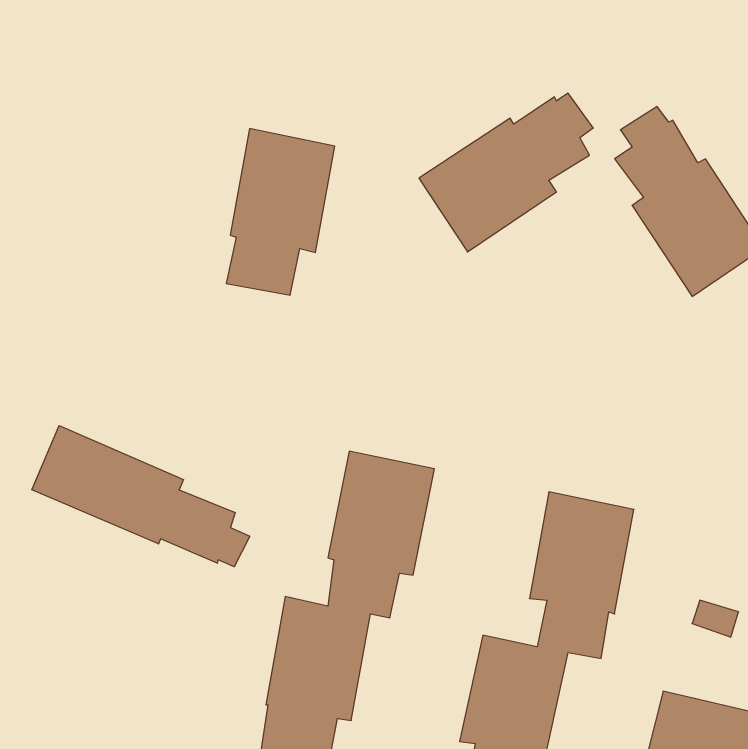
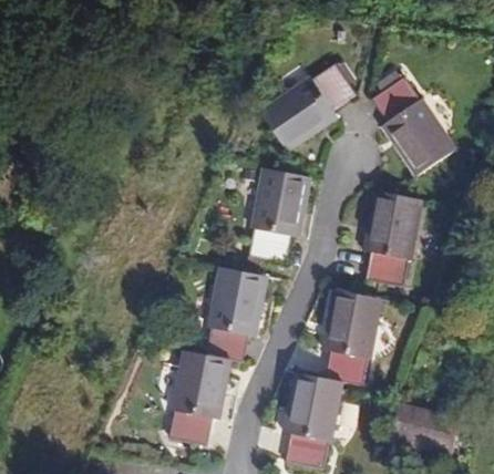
building: [226,129,335,295] -> [249,167,311,262]
building: none -> [362,189,423,286]
building: [32,426,250,567] -> none

